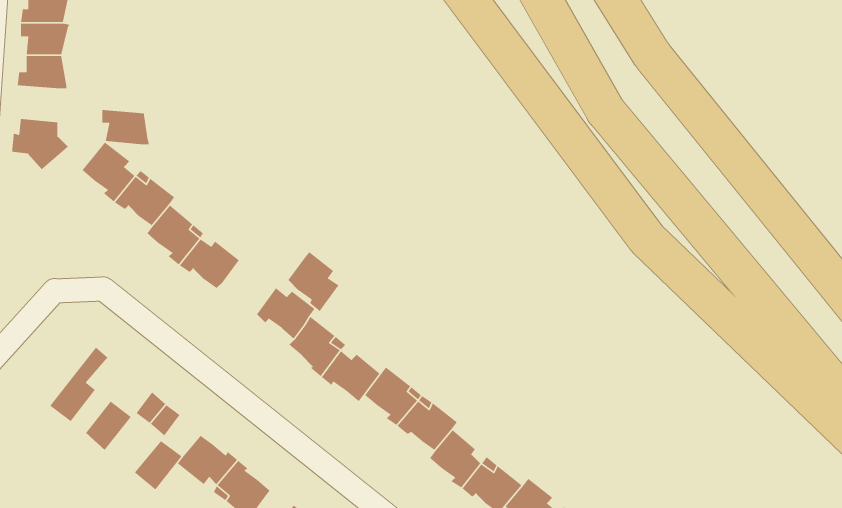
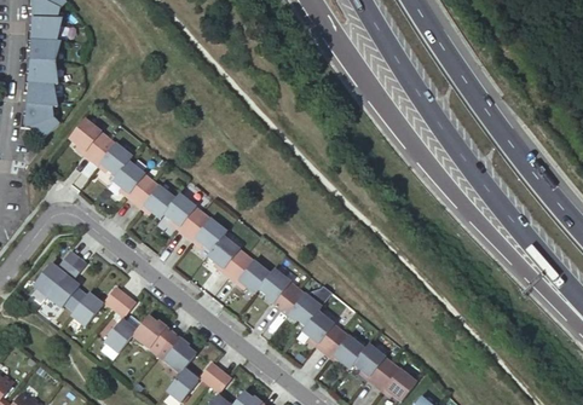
building: [101,109,150,145] -> [25,81,58,105]
building: [287,251,340,312] -> [164,193,200,235]
building: none -> [33,250,79,296]

